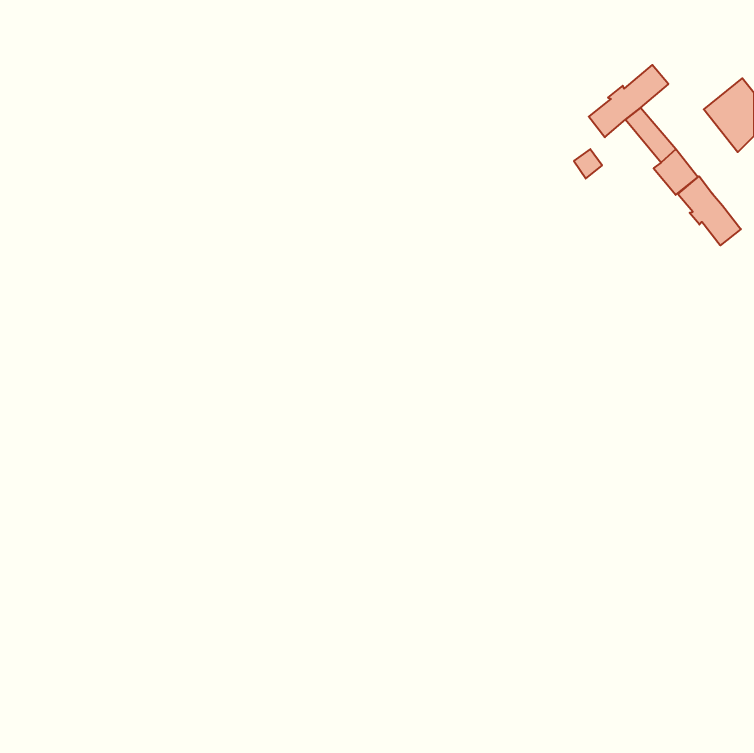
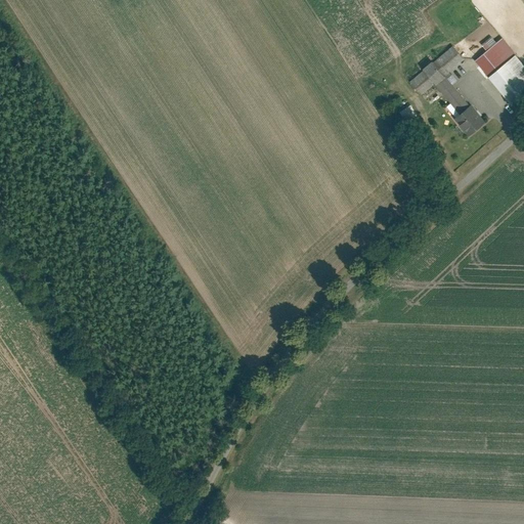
building: none -> [474,38,515,77]
building: [678,176,741,245] -> none

